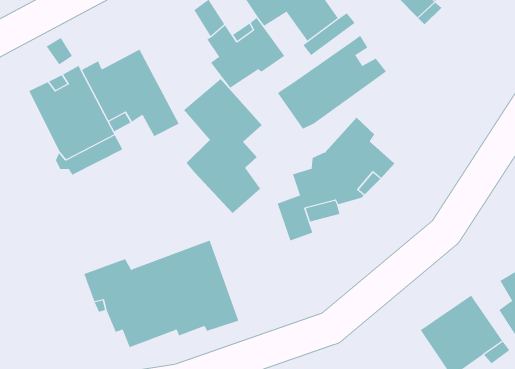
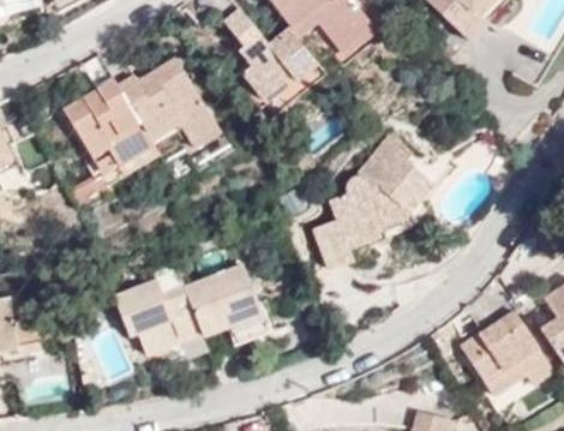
building: [277,35,387,130] -> none
building: [183,78,263,214] -> none

